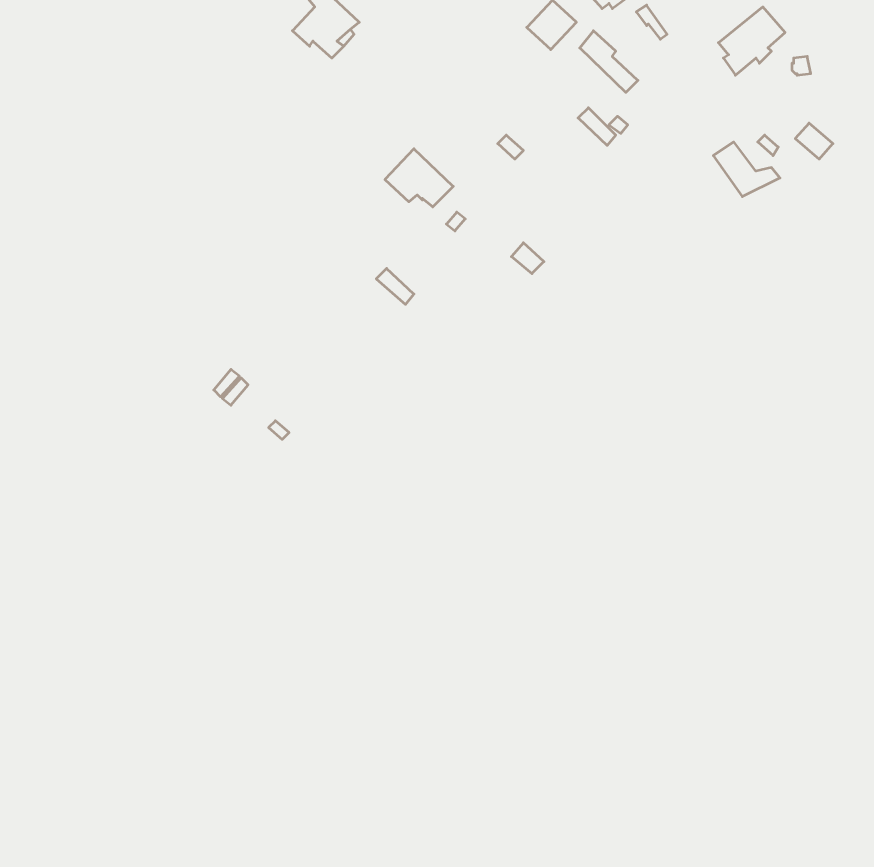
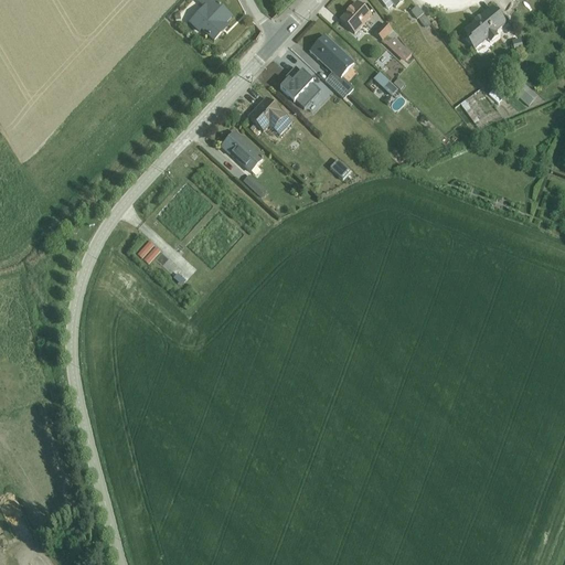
building: none -> [310,33,354,97]
building: none -> [277,65,316,104]
building: none -> [221,130,263,171]

